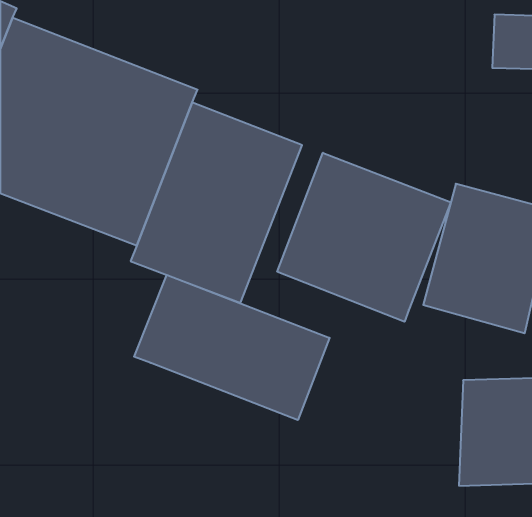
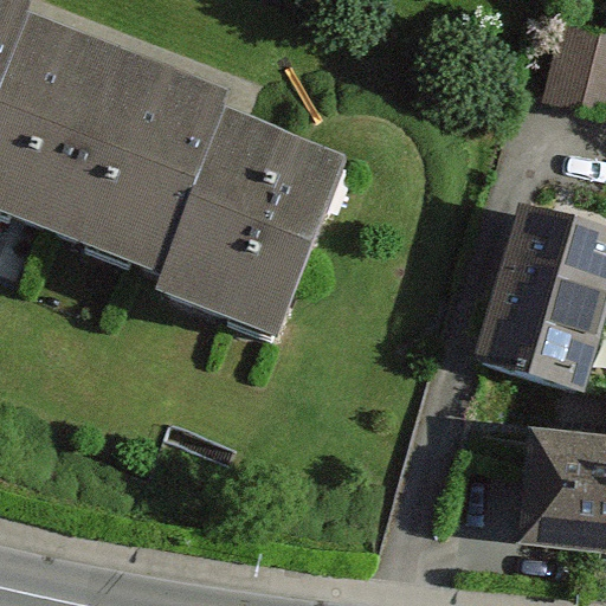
building: [277,153,451,322] -> none
building: [134,275,330,420] -> none

